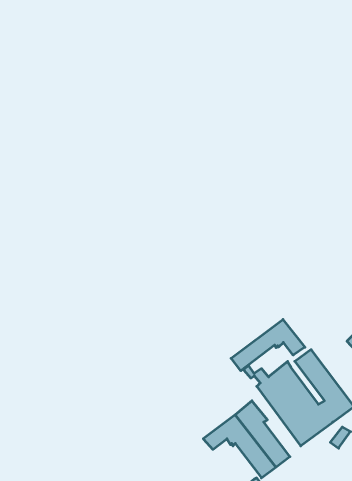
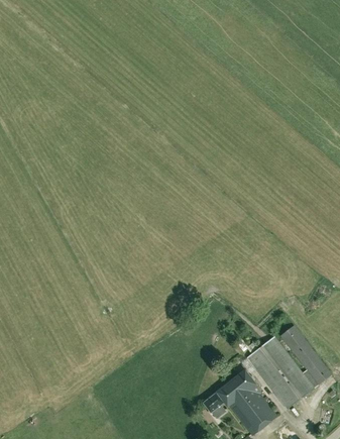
building: [231,319,305,371] -> none

